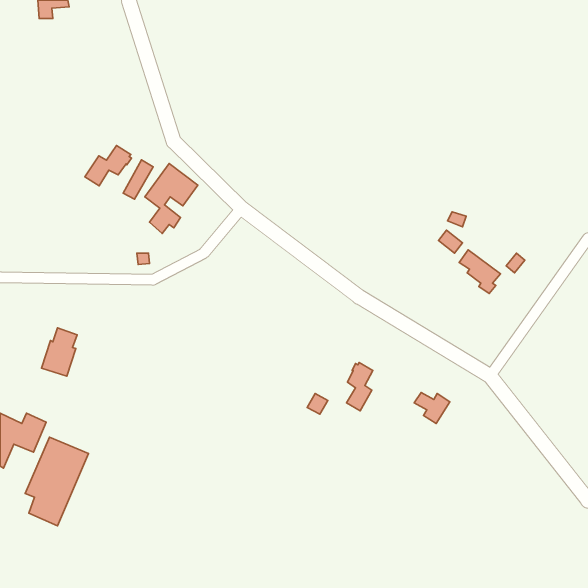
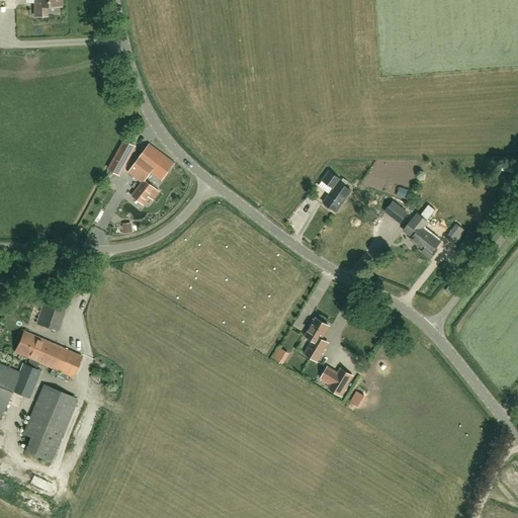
building: [85,145,132,186] -> none
building: none -> [323,172,351,212]
building: none -> [14,331,82,377]
building: [414,392,450,424] -> [321,368,352,396]

